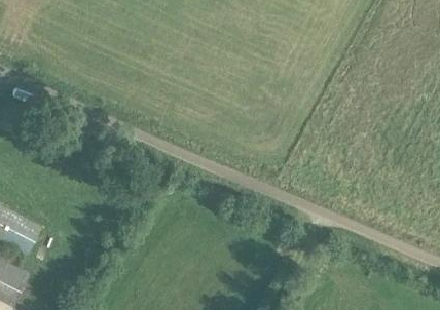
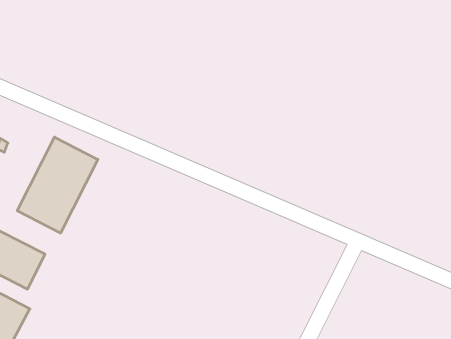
building: none -> [17,137,98,233]

